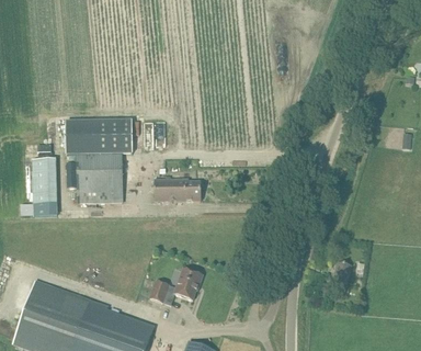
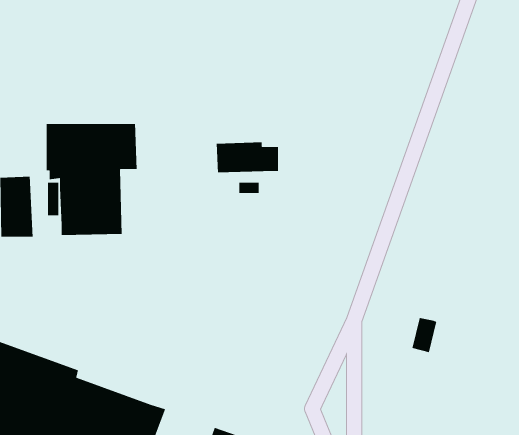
building: [155,178,201,201] -> [216,142,279,173]
building: [149,268,203,302] -> none

